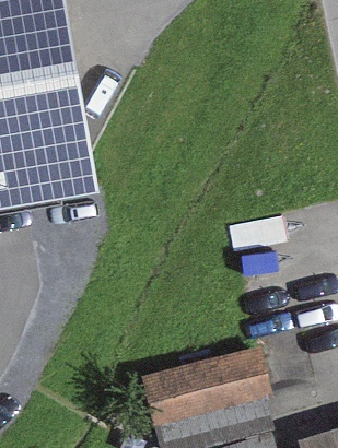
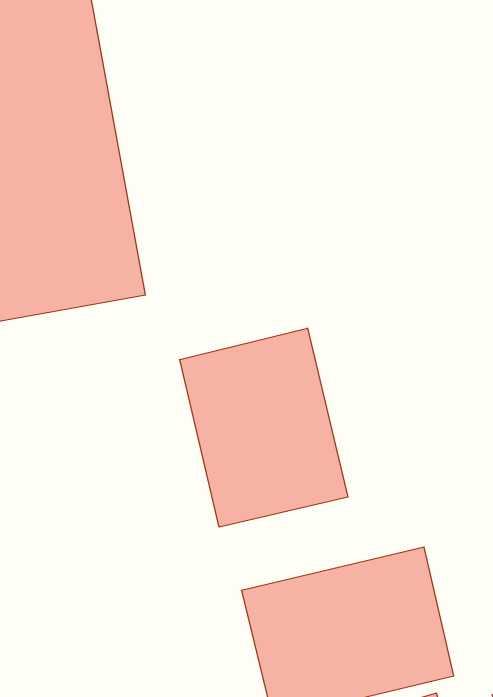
building: none -> [180,328,348,527]

